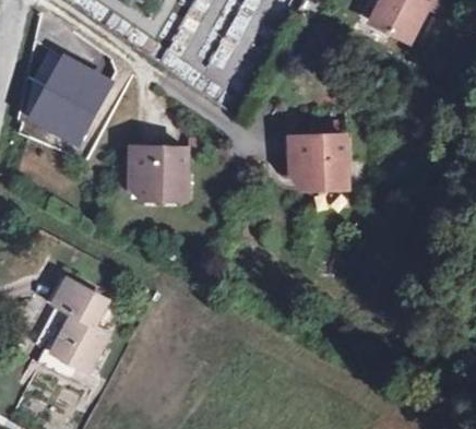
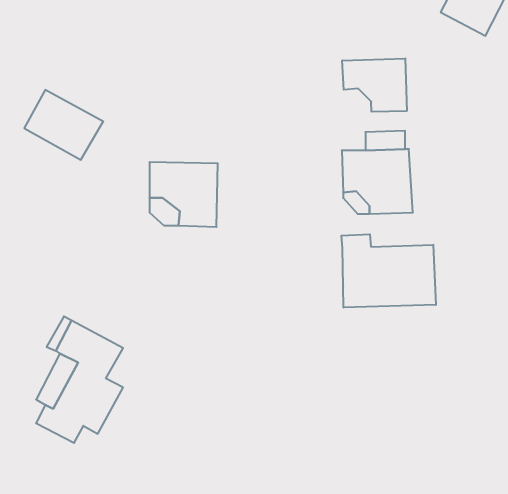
building: [45,56,110,114] -> none
building: none -> [342,58,407,112]
building: none -> [341,234,436,308]

